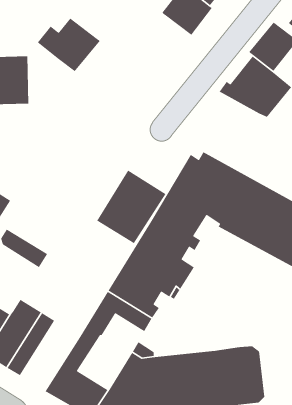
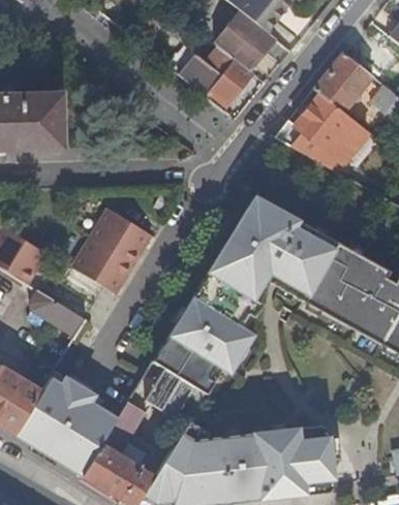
building: [37,17,101,72] -> [181,45,254,108]
building: [96,170,167,244] -> [71,208,152,293]
building: none -> [54,396,122,477]

